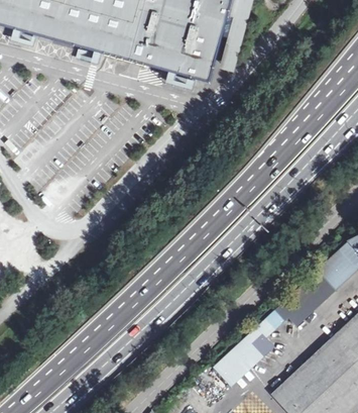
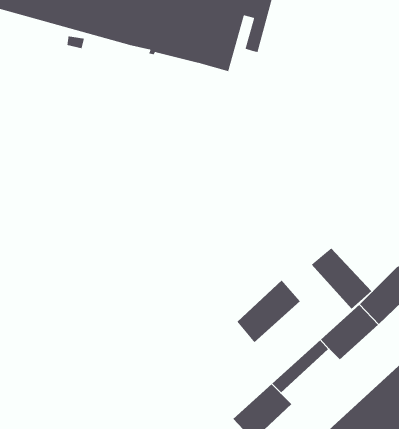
building: none -> [311,248,372,310]
building: none -> [236,280,301,343]

